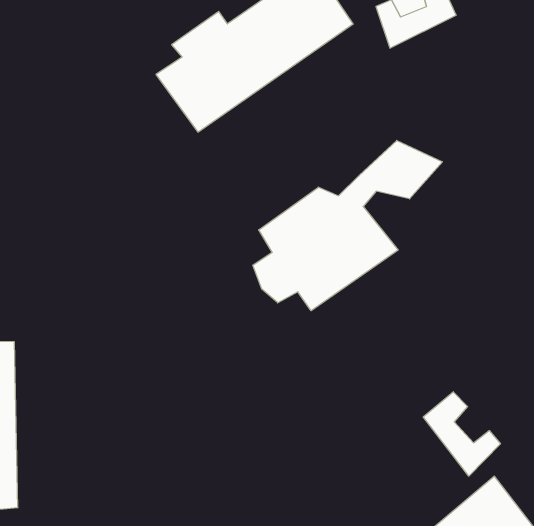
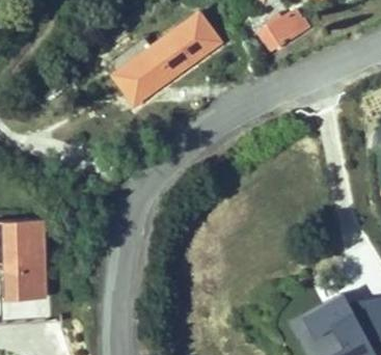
building: [253,140,442,311] -> none
building: [423,392,500,476] -> none

